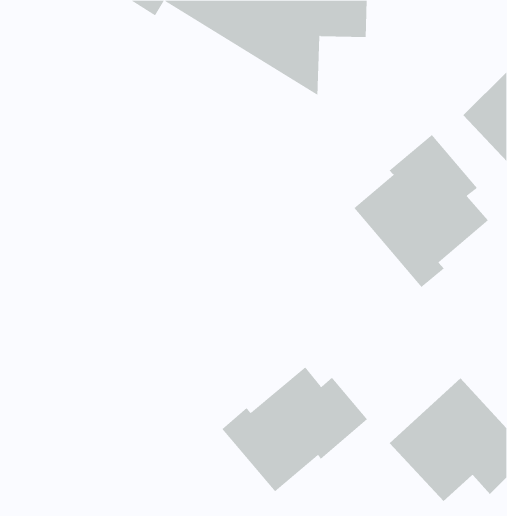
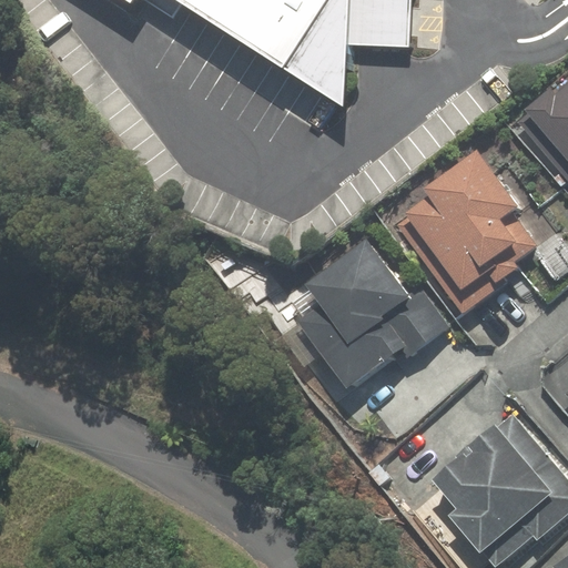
building: none -> [295,236,447,390]
building: [222,366,368,492] -> none

